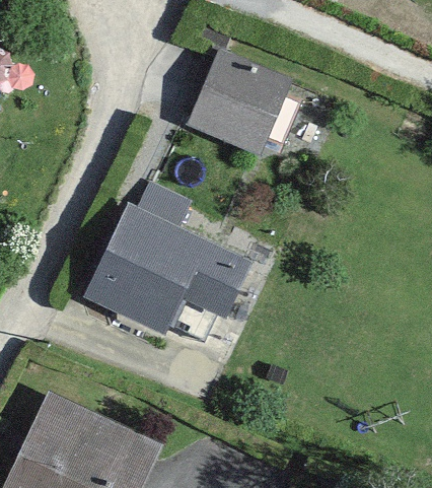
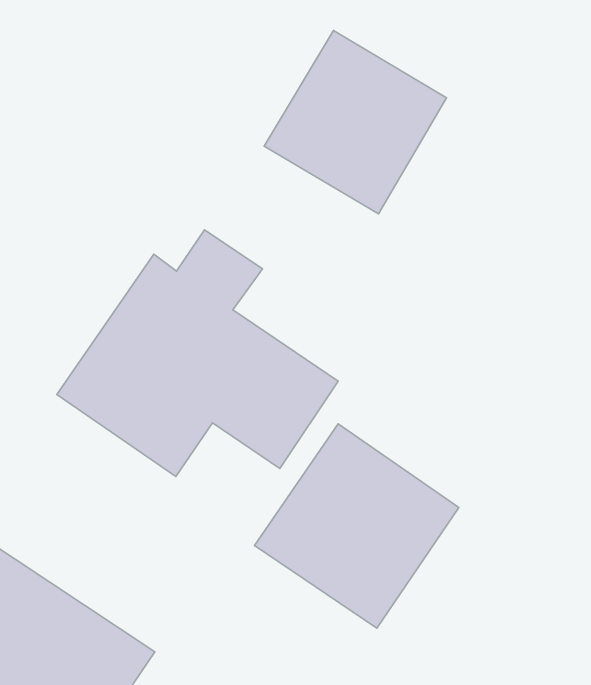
building: none -> [255,424,459,628]

